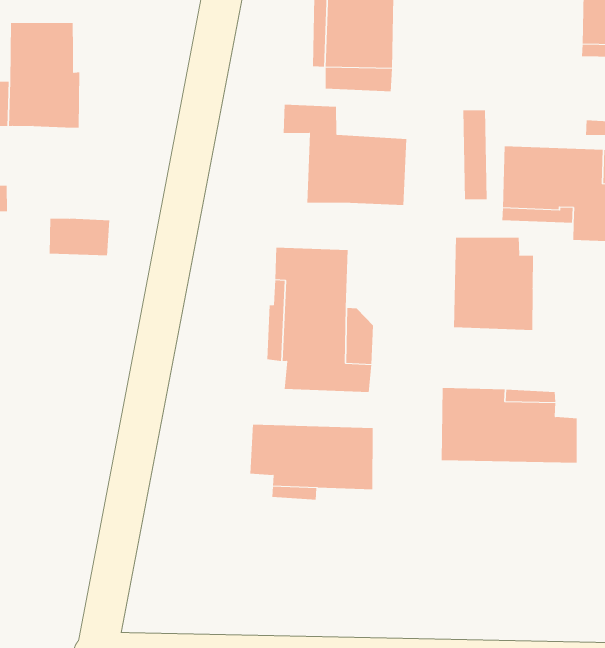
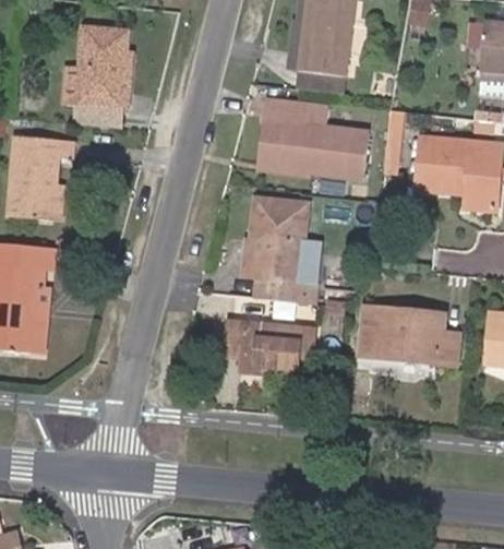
building: none -> [261,117,310,174]
building: [49,218,110,256] -> [74,98,119,128]
building: [454,237,534,331] -> none

